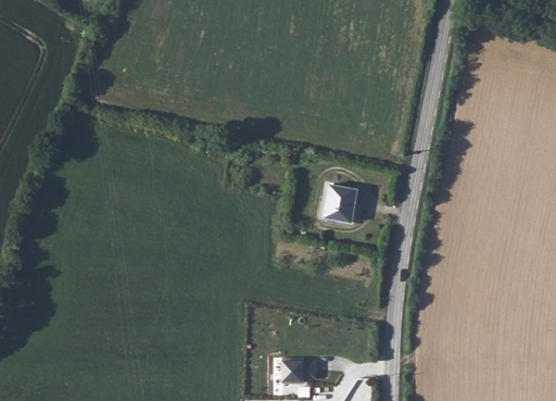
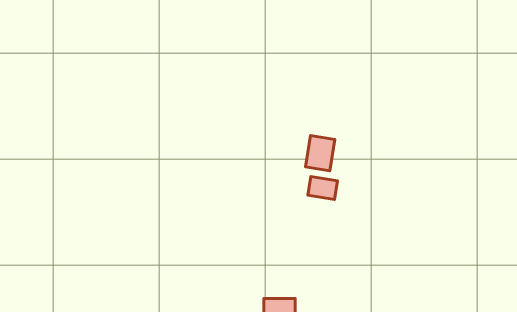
building: none -> [308,176,337,199]

